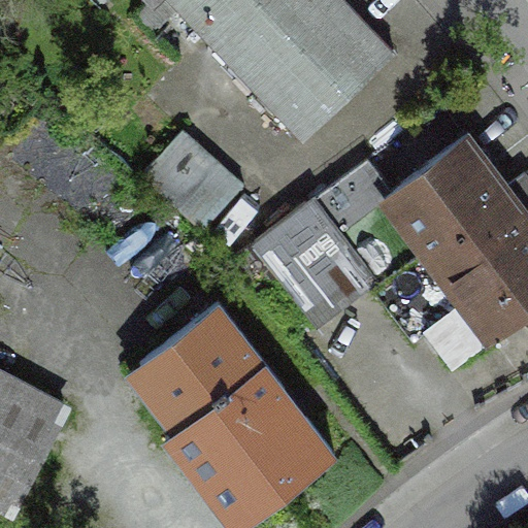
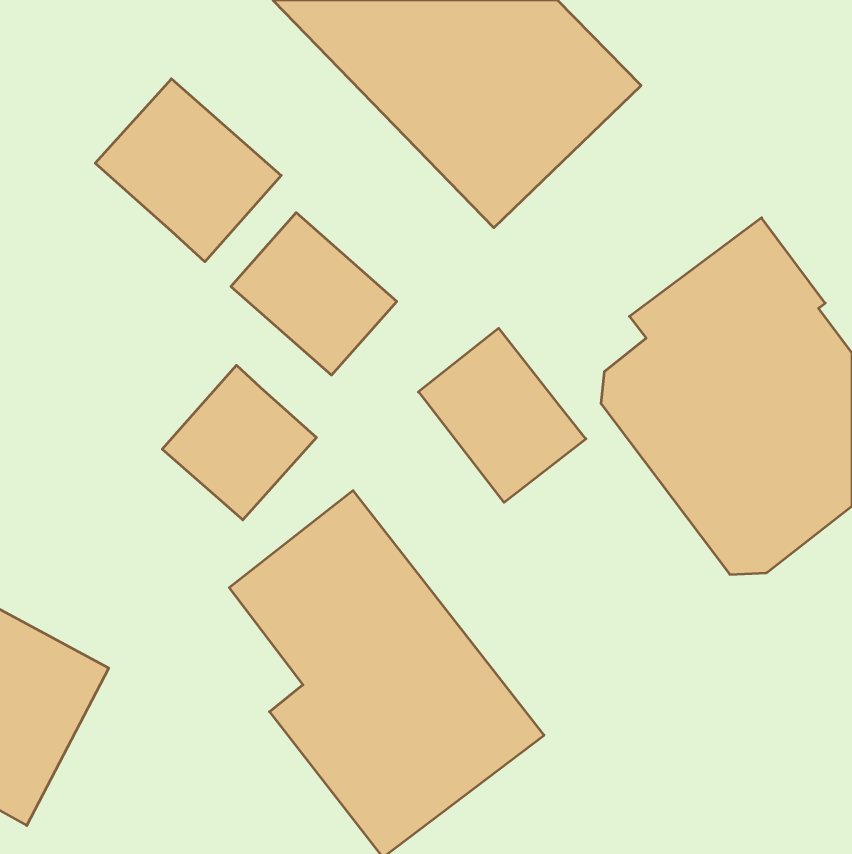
building: none -> [95,79,281,262]
building: [307,162,398,251] -> none
building: none -> [162,365,316,520]

